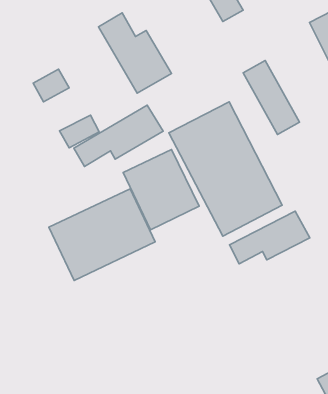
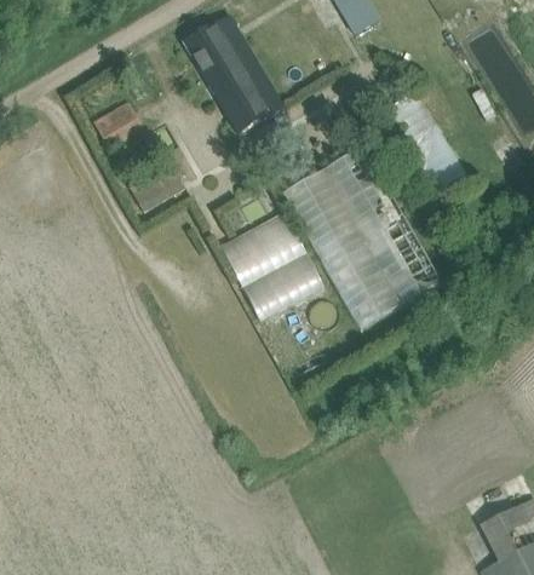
building: [74,105,163,167] -> none
building: [49,189,155,280] -> none
building: [230,211,310,264] -> none

